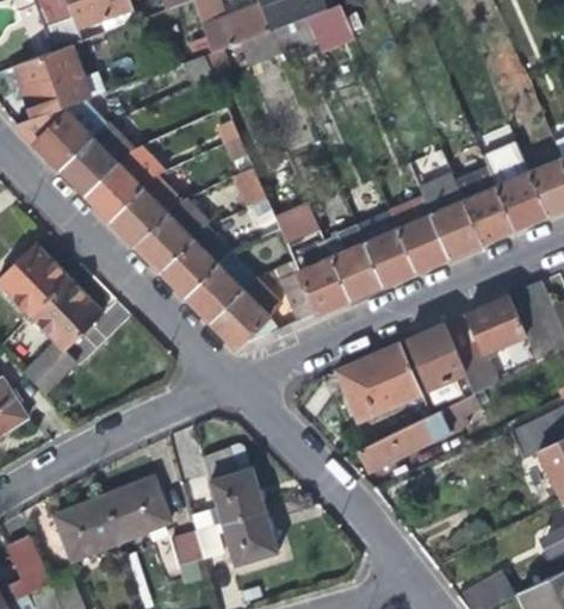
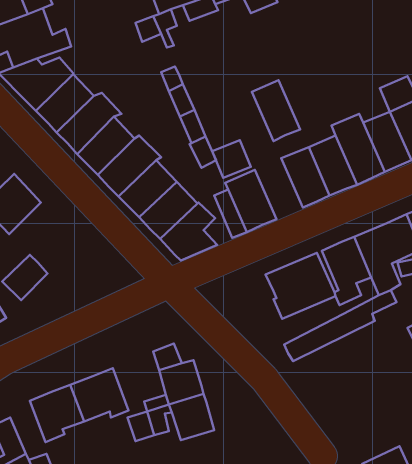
building: [326,225,384,299] -> [252,80,300,141]
building: [29,279,101,352] -> none

